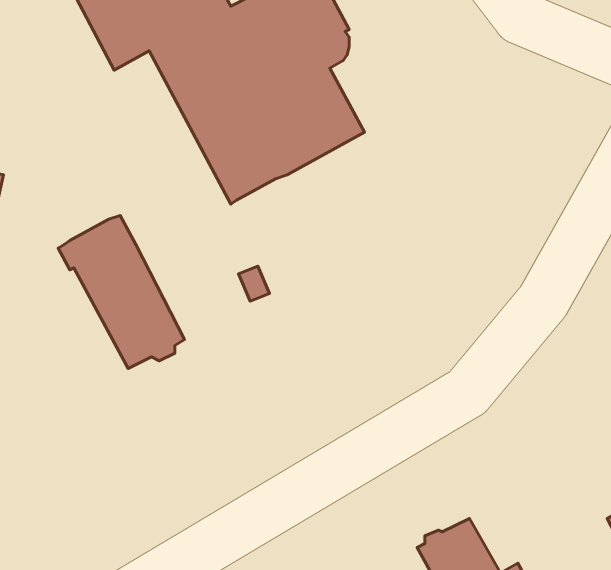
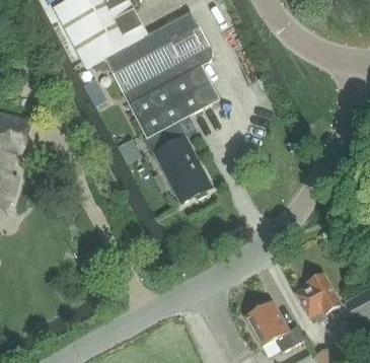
building: [58,215,184,369] -> [145,122,211,202]
building: none -> [295,273,340,321]

